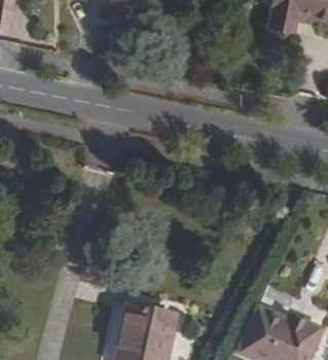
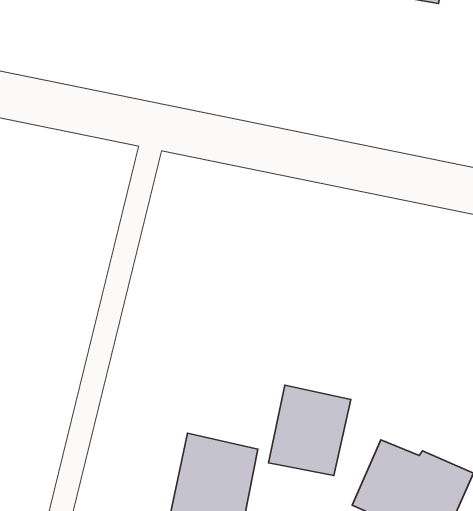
building: none -> [268,385,351,476]

